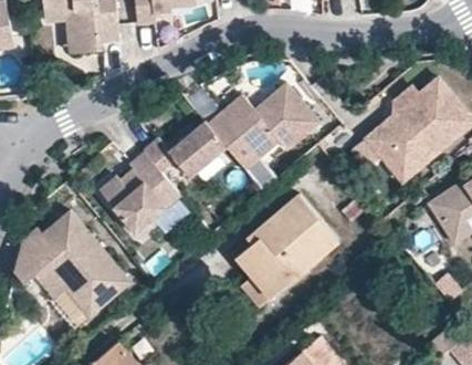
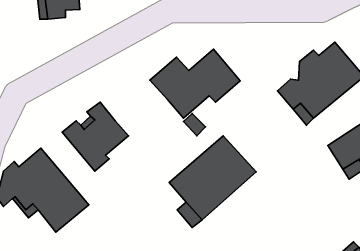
building: [140,119,228,178] -> none

